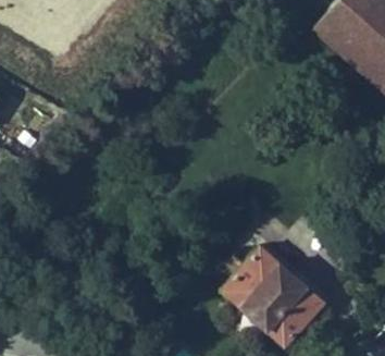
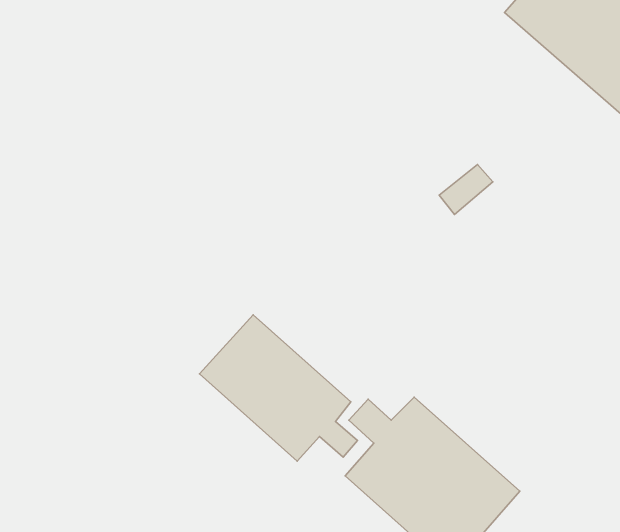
building: none -> [199,315,357,461]

